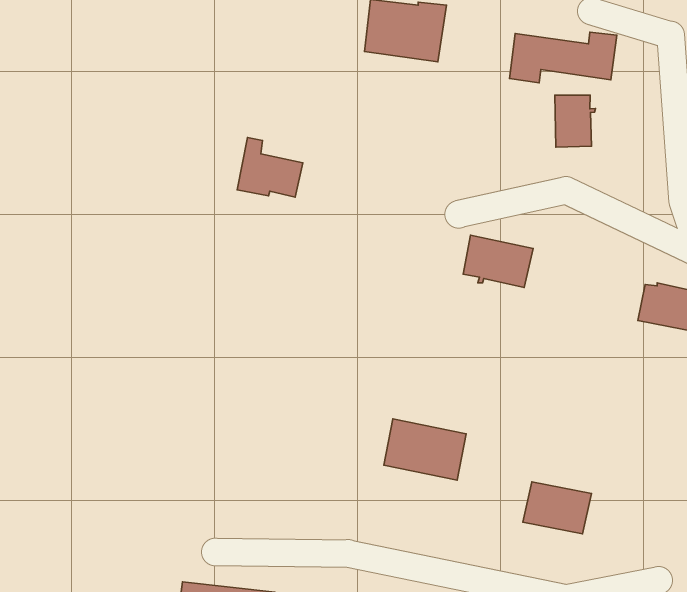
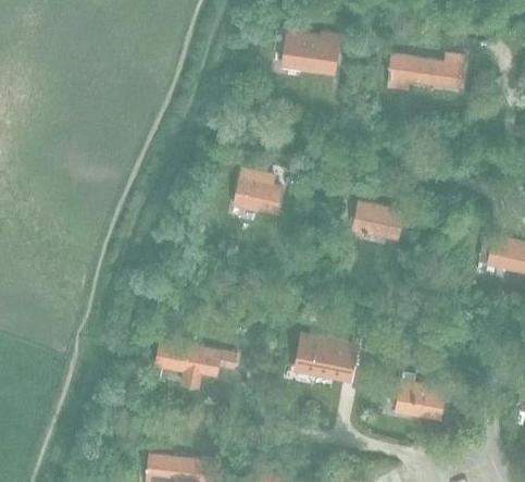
building: [555,95,595,147] -> none
building: [237,137,303,197] -> [235,169,283,212]
building: none -> [157,342,238,387]

